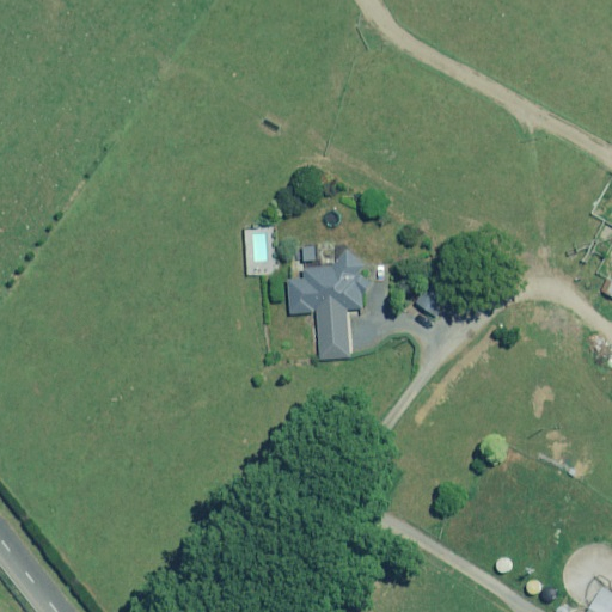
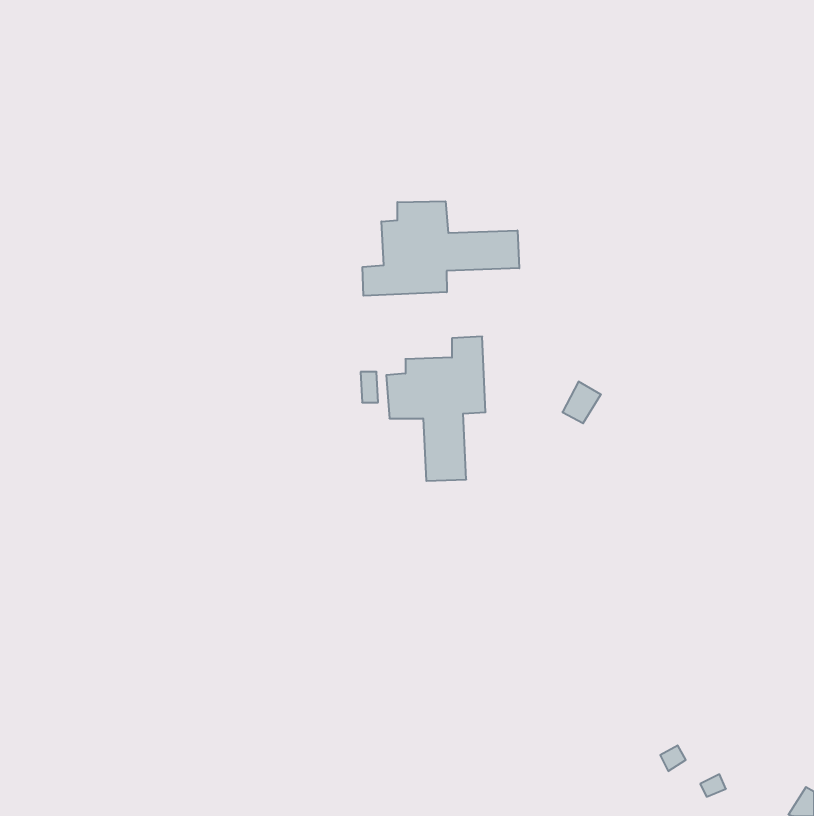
building: none -> [363,201,519,296]

